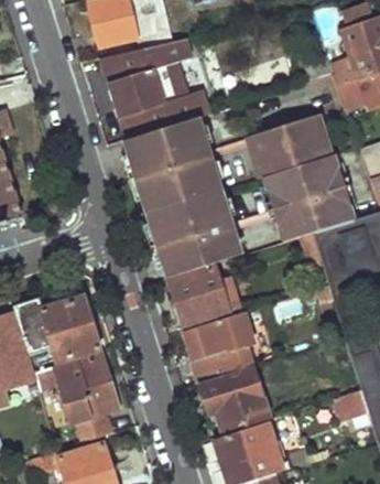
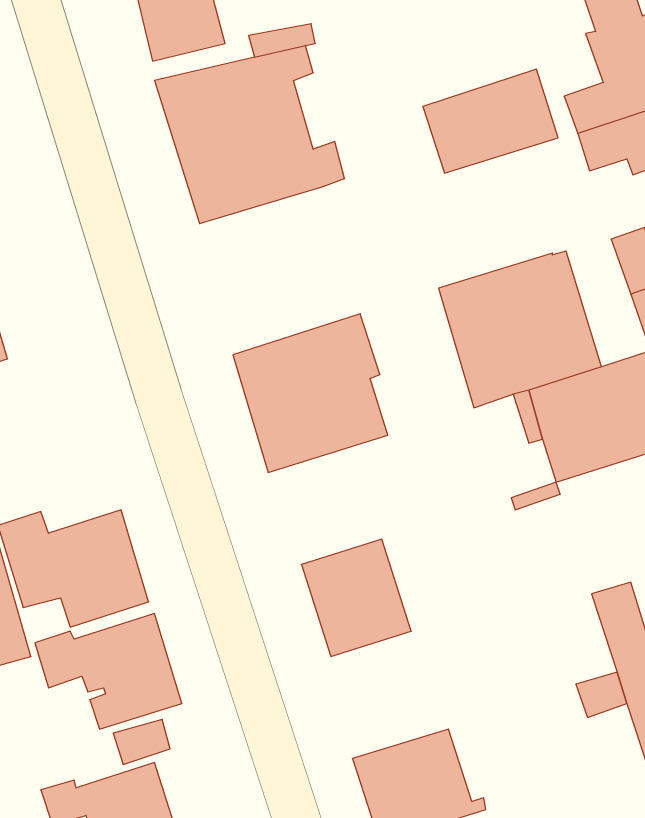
building: [250,115,326,173] -> [423,69,558,173]
building: [123,116,218,211] -> none
building: [170,263,229,325] -> none
building: [199,367,269,430] -> none

